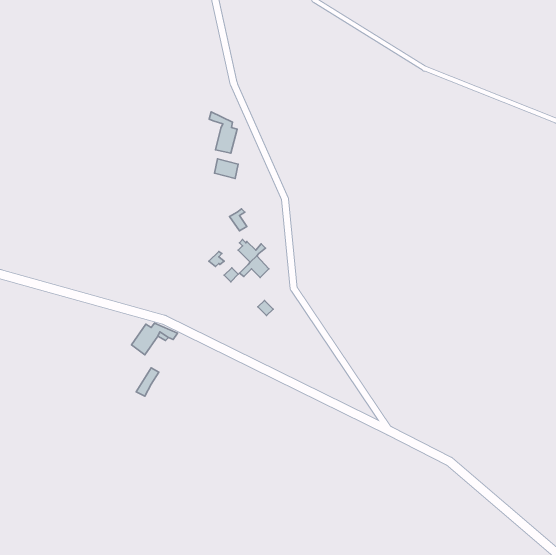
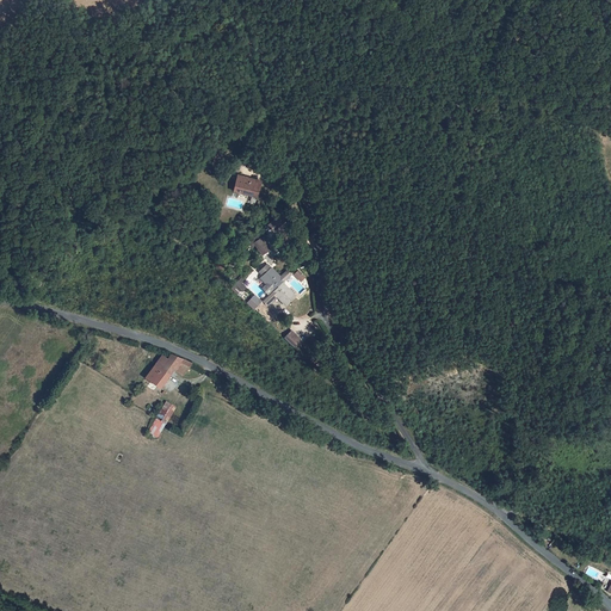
building: [209,112,237,153] -> none

